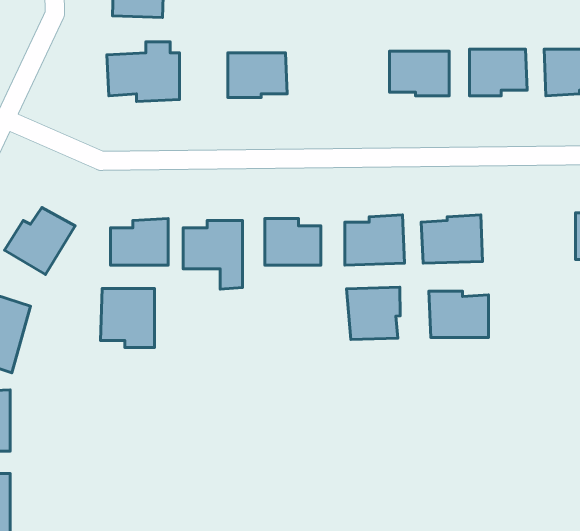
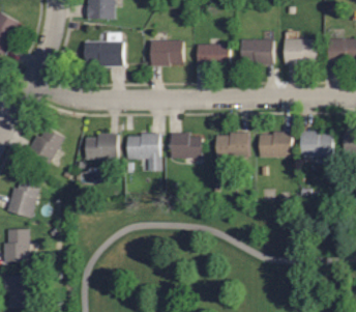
building: none -> [197,44,230,65]
building: [347,287,400,339] -> none
building: [101,289,155,347] -> none
building: [429,291,489,338] -> [299,131,332,157]

